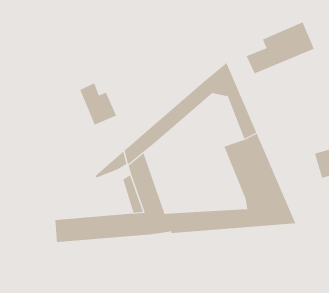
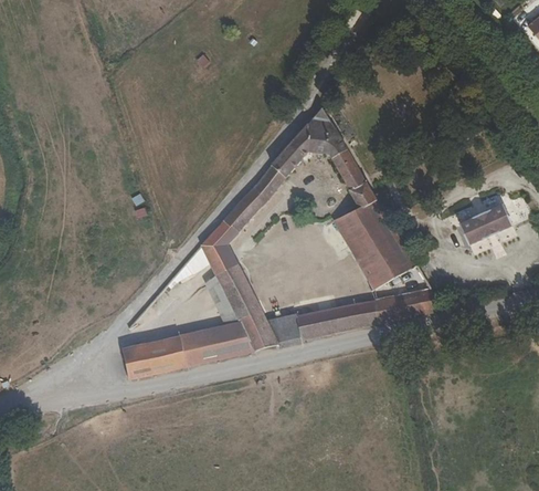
building: [246,21,314,74] -> none
building: [80,82,117,125] -> none

